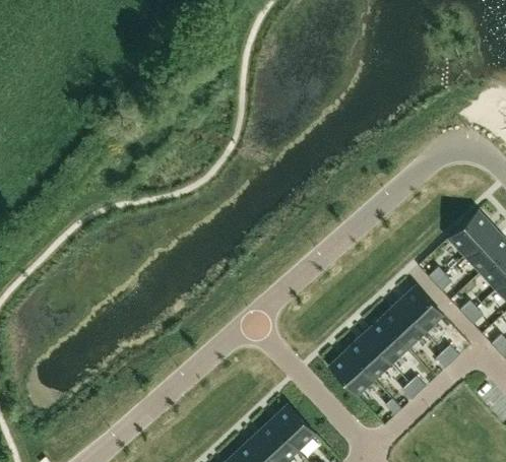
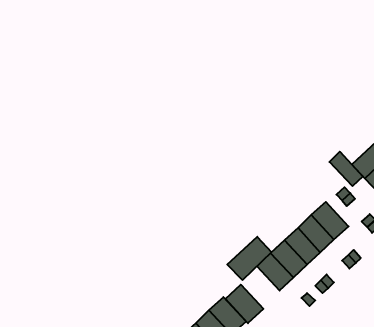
building: none -> [329,152,363,186]
building: none -> [227,237,271,280]
building: none -> [225,285,263,323]

